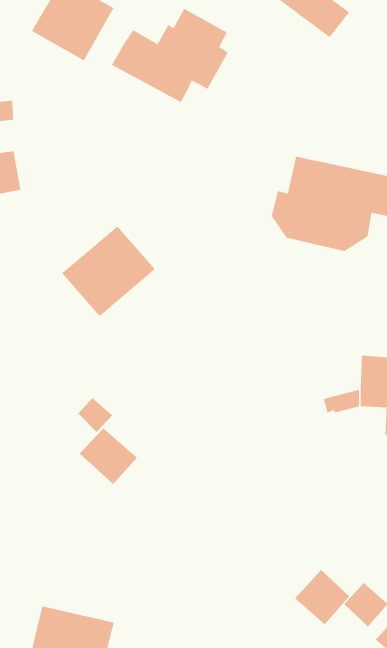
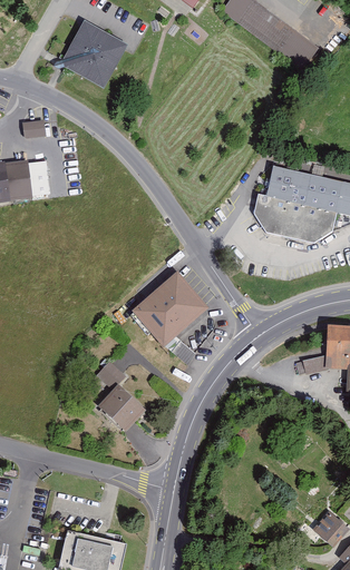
building: [111,8,229,103] -> none
building: [61,225,156,317] -> [132,272,208,346]
building: [294,569,350,626] -> none

